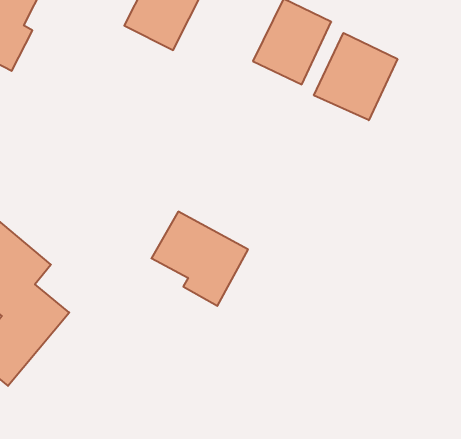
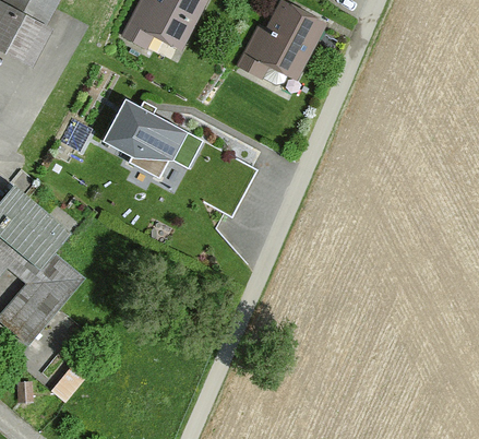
building: [314,33,397,120] -> none
building: [151,212,248,306] -> [99,93,185,177]

